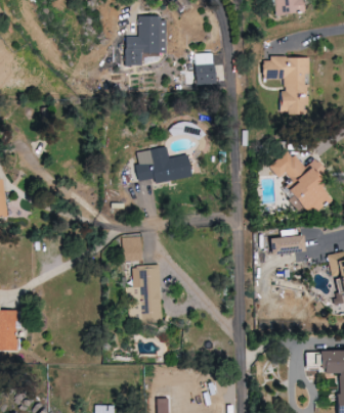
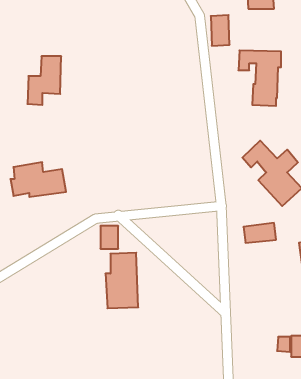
building: [126,15,161,65] -> [27,56,61,105]
building: [196,52,215,84] -> [211,15,230,46]
building: [136,146,193,182] -> [10,162,66,197]

